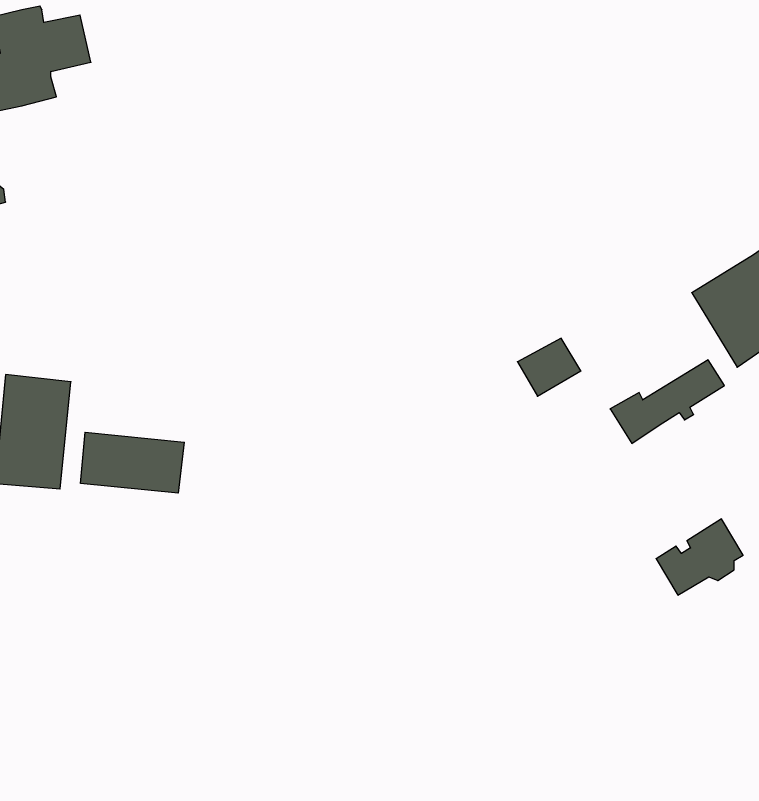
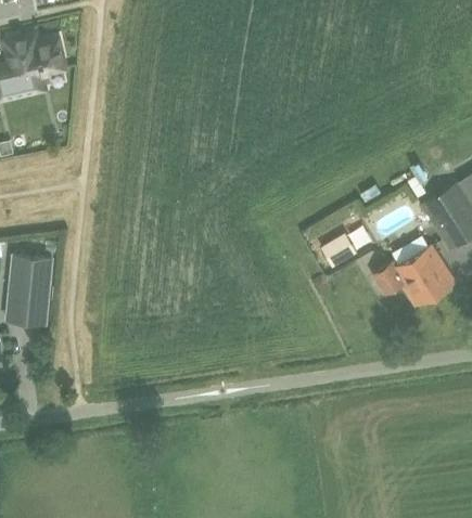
building: [81,432,184,493] -> none
building: [656,519,743,595] -> [404,261,456,307]

